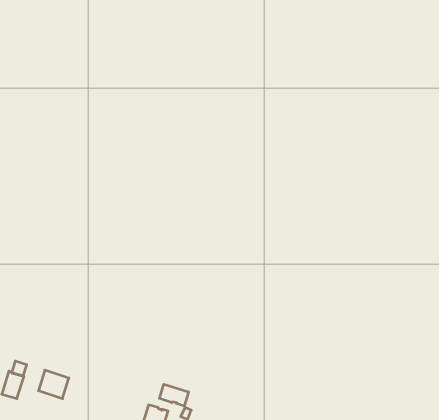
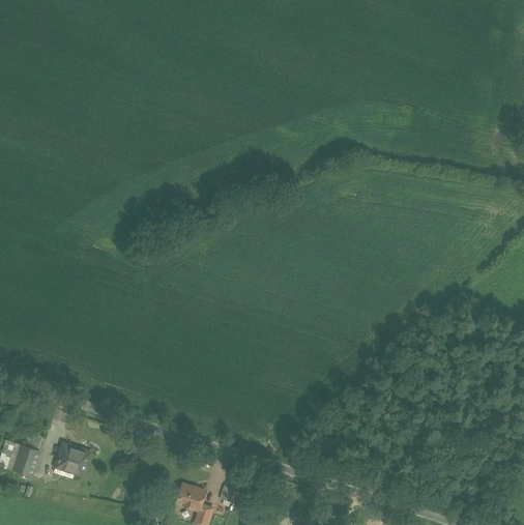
building: [159,384,189,406] -> none

